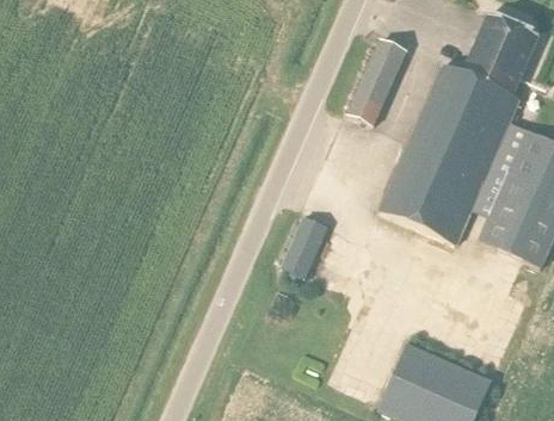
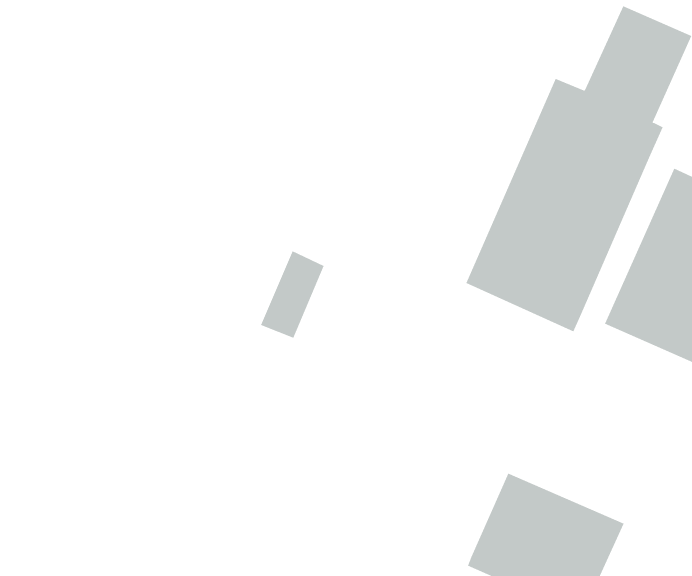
building: [347,38,406,124] -> none
building: [282,215,327,277] -> [260,251,324,339]

